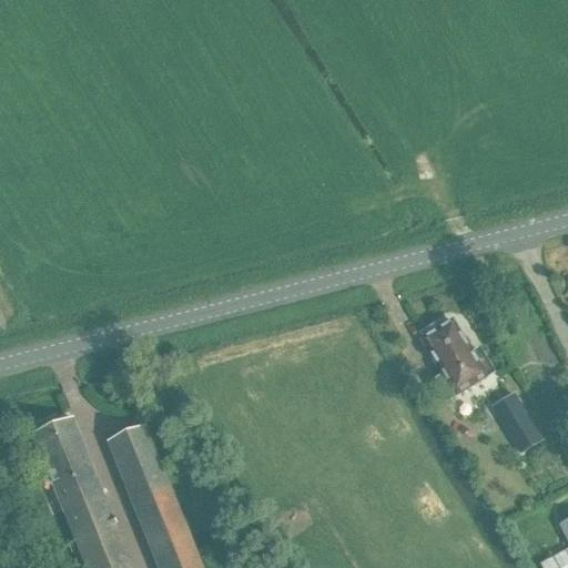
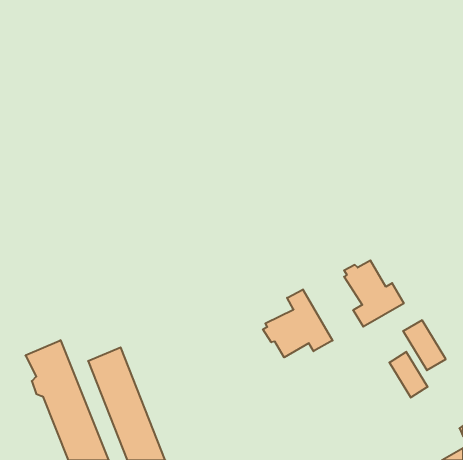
building: none -> [263,289,333,357]
building: none -> [389,352,428,398]

